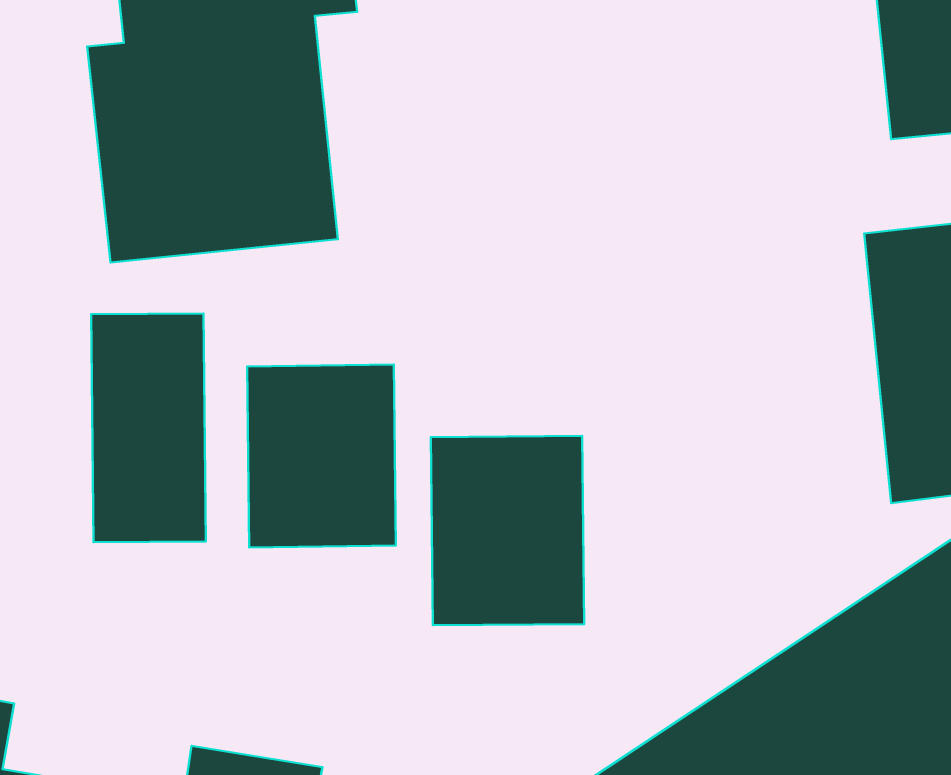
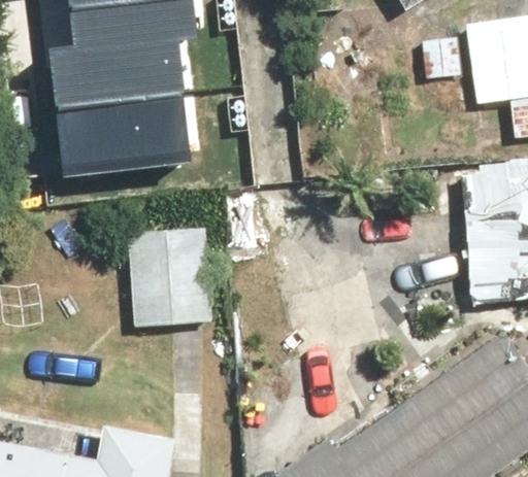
building: [91,313,206,542] -> none
building: [431,436,584,625] -> none

